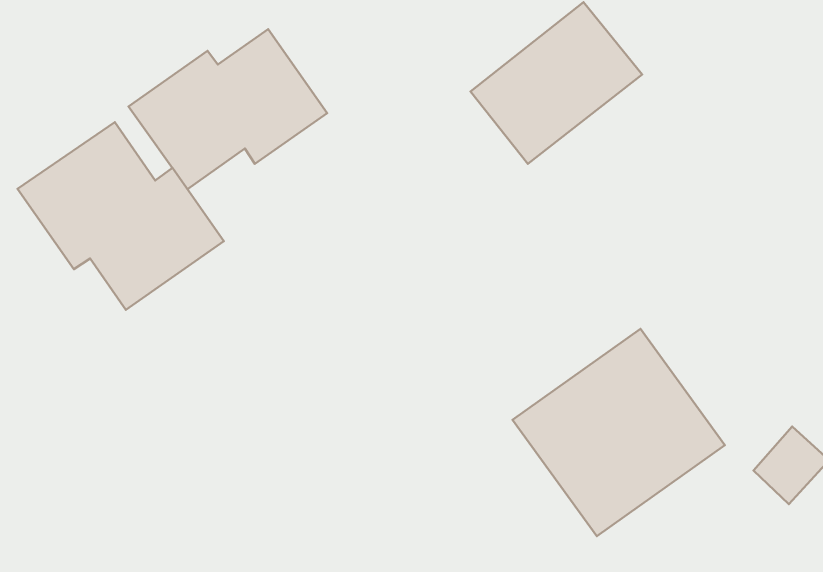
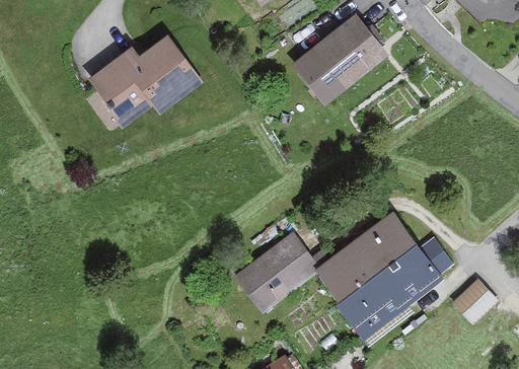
building: [18,122,224,310] -> none
building: none -> [231,229,315,305]

